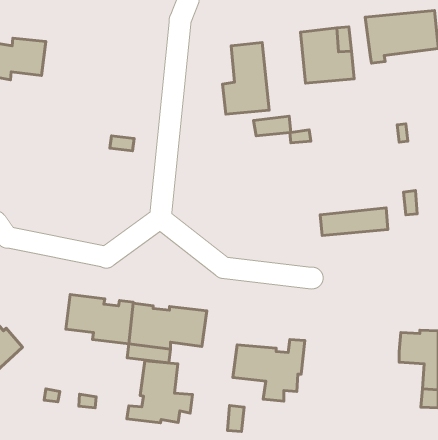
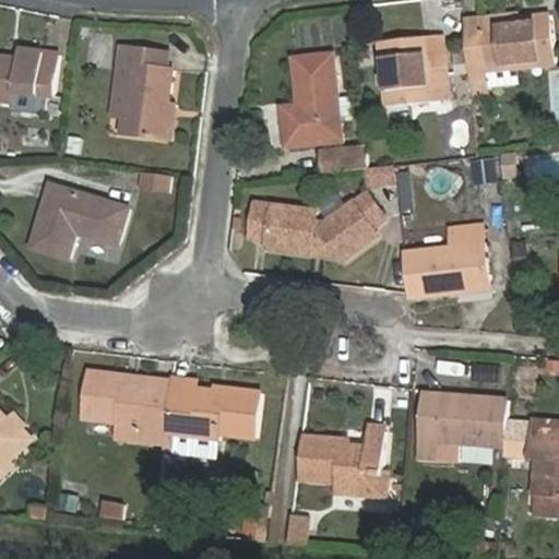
building: none -> [109,43,169,138]
building: none -> [32,183,126,255]
building: none -> [248,201,376,259]
building: none -> [402,224,487,271]
building: none -> [416,392,507,459]
building: [127,361,193,423] -> none

